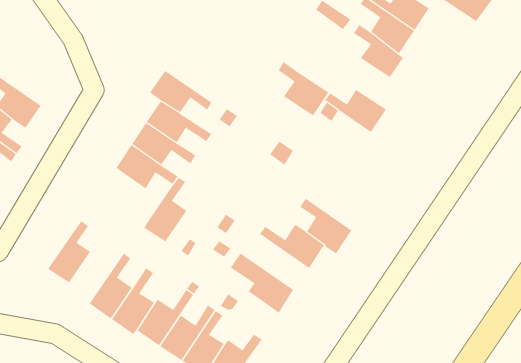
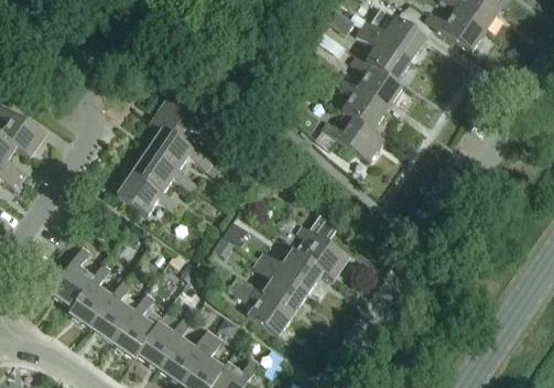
building: [278,61,329,116] -> [336,74,387,128]
building: [144,177,187,242] -> [68,262,111,326]
building: none -> [252,258,307,313]

